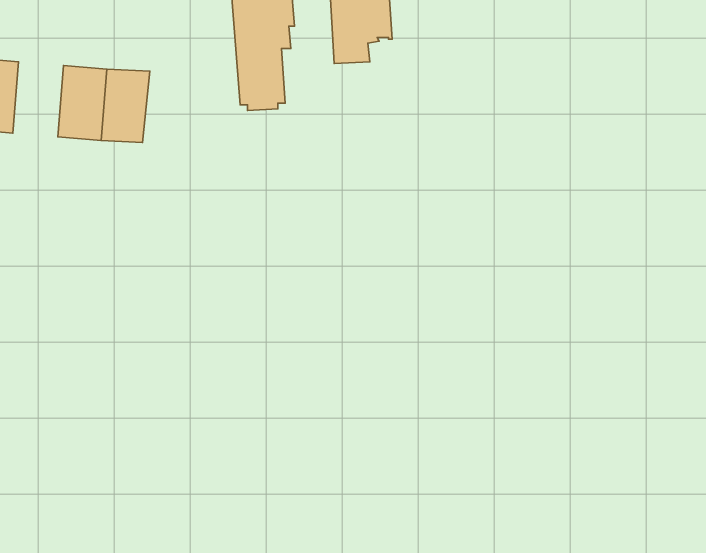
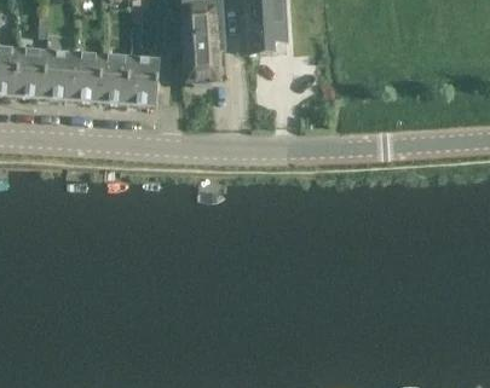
building: none -> [41,51,74,99]
building: none -> [125,57,158,105]

